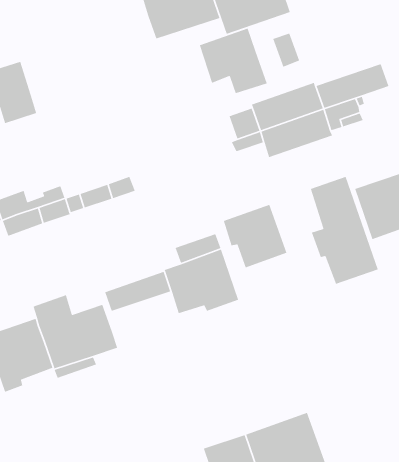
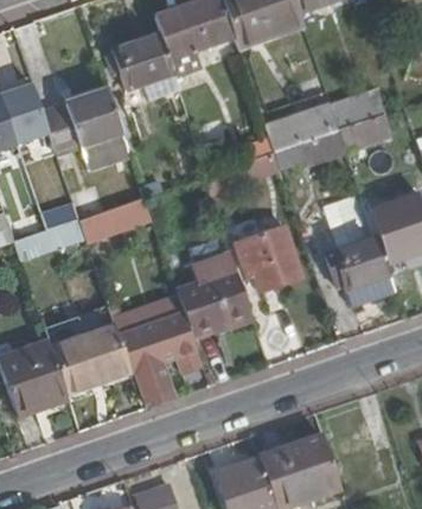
building: [199,27,268,94] -> [110,34,180,102]
building: none -> [43,93,130,173]
building: none -> [123,313,196,407]

